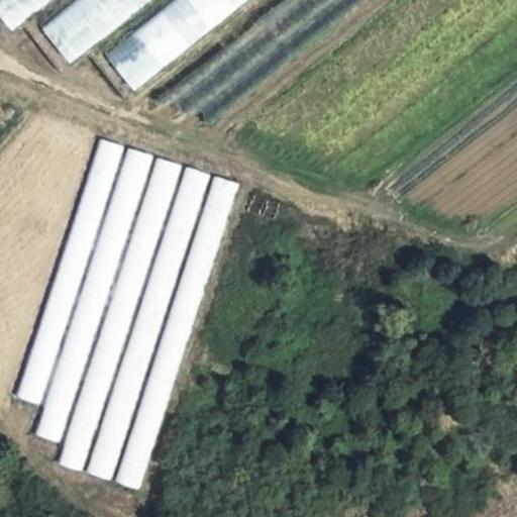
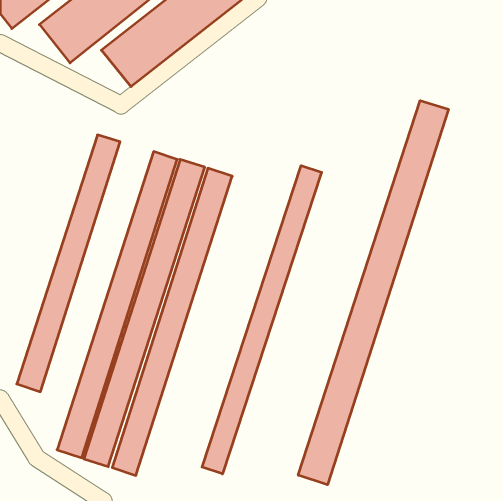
building: none -> [298,101,448,485]
building: [34,146,153,440] -> none
building: none -> [202,166,322,474]

